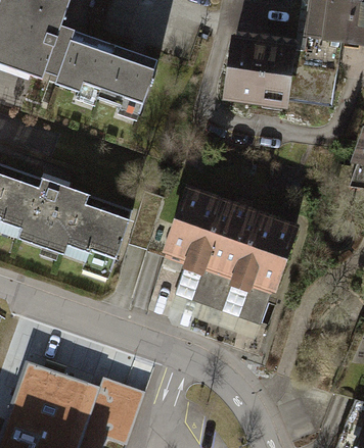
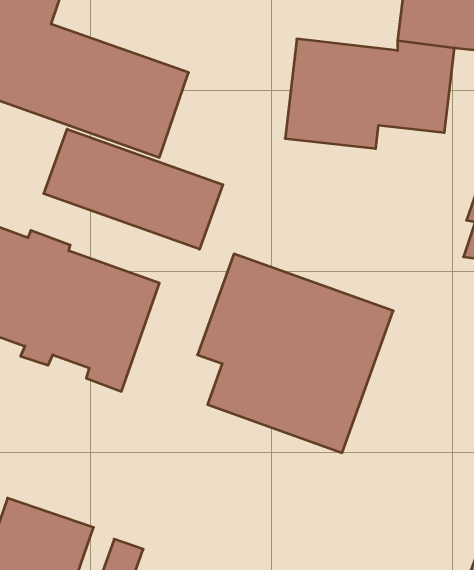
building: none -> [44,129,223,249]

